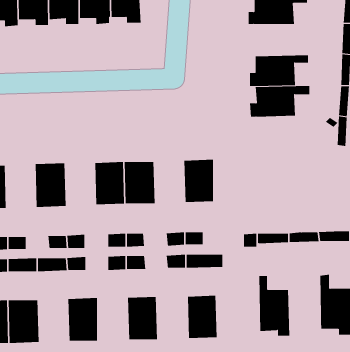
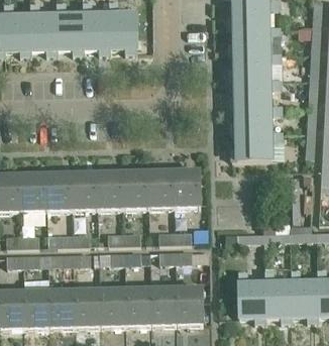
building: none -> [229,53,282,81]
building: none -> [231,132,284,159]
building: none -> [148,170,175,208]
building: none -> [72,172,98,210]
building: none -> [20,174,46,212]
building: none -> [264,269,292,322]
building: none -> [150,287,178,325]
building: none -> [100,289,126,326]
building: none -> [48,290,75,327]

